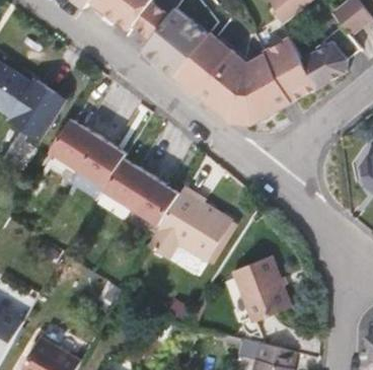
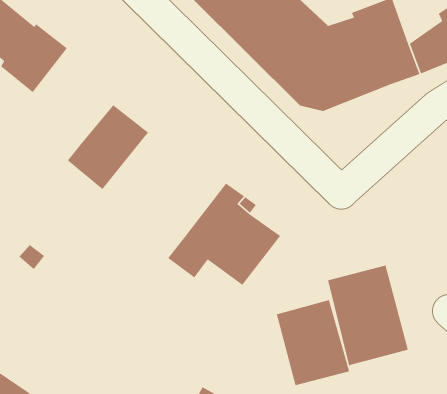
building: [49,118,97,166] -> none
building: [102,157,179,224] -> none
building: none -> [327,265,409,366]

